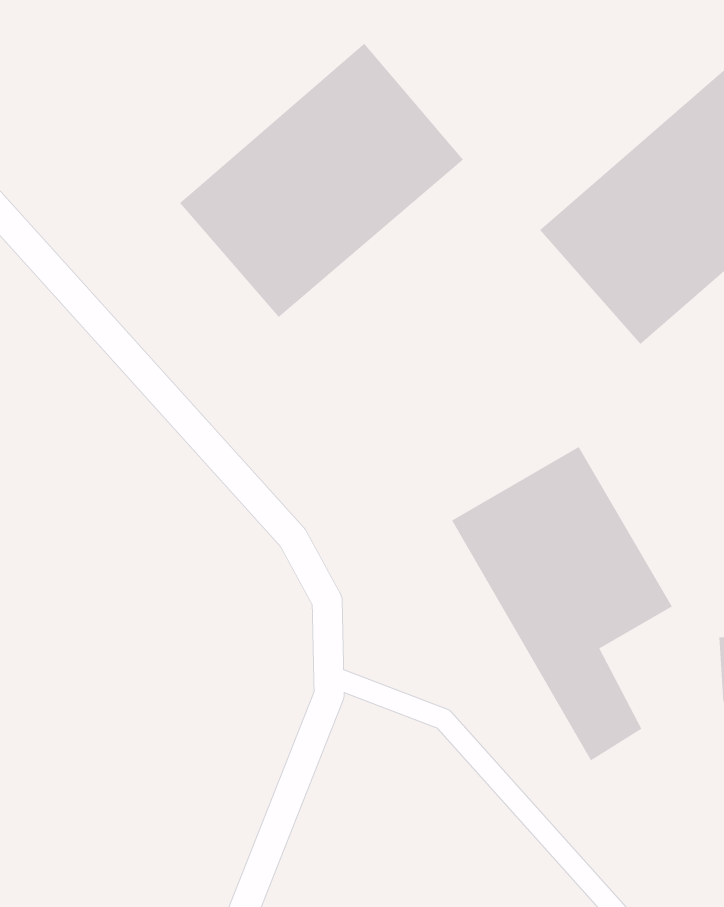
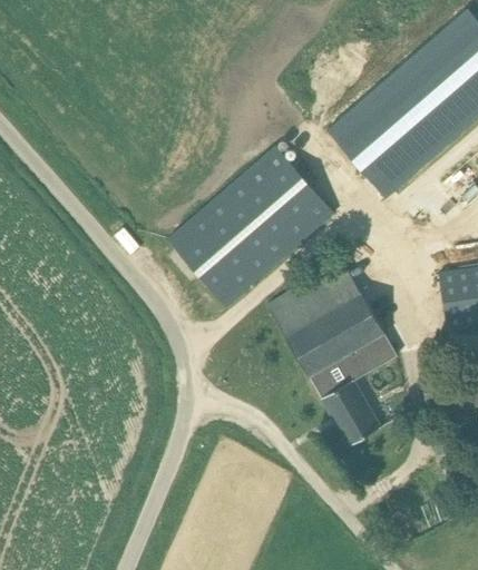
building: [179,43,464,318] -> [168,146,334,306]

